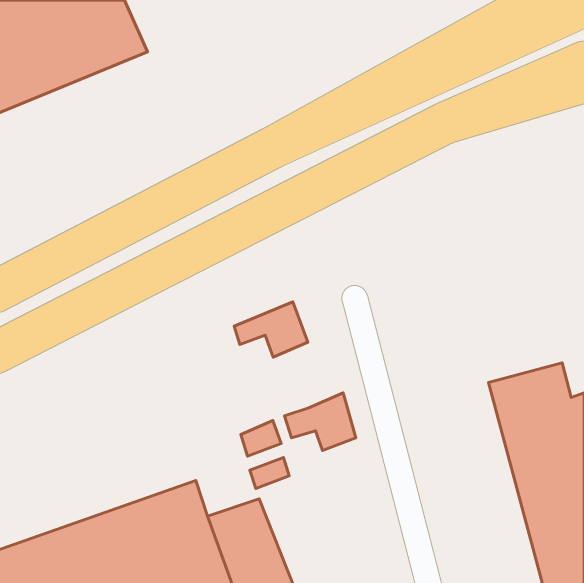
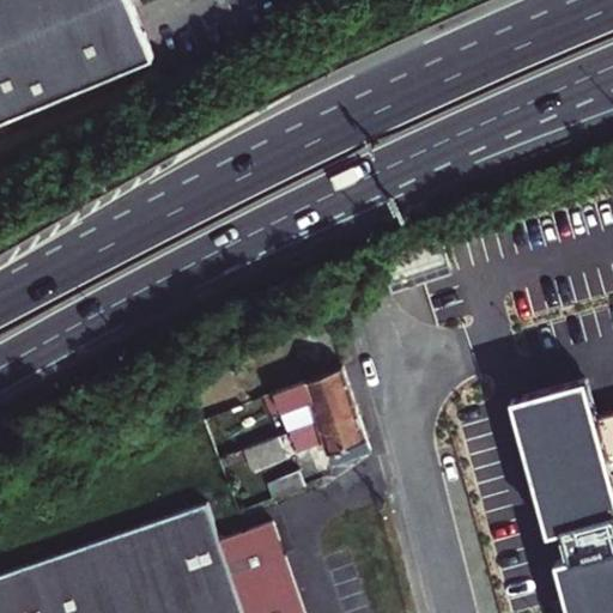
building: [234,302,308,357] -> [280,372,357,430]

